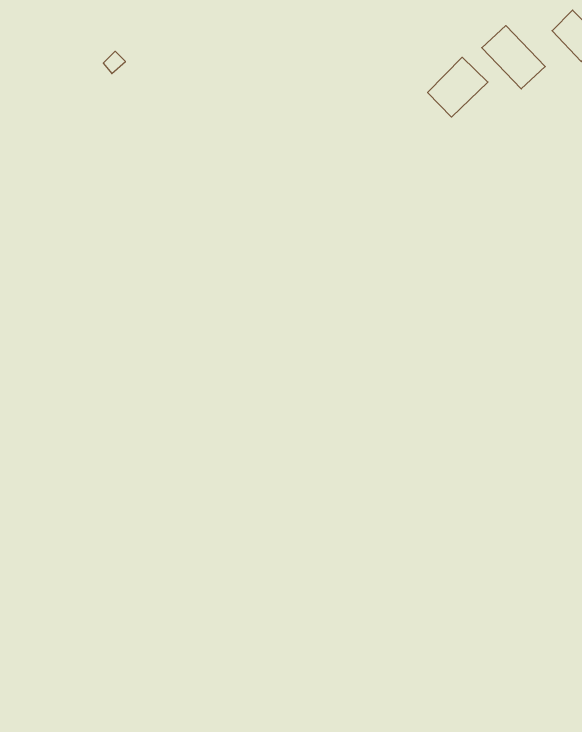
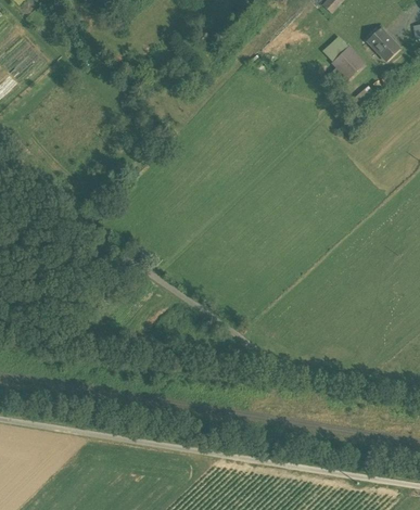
building: [428,57,488,117] -> none

